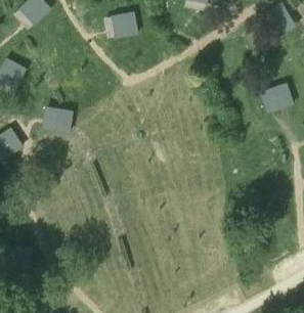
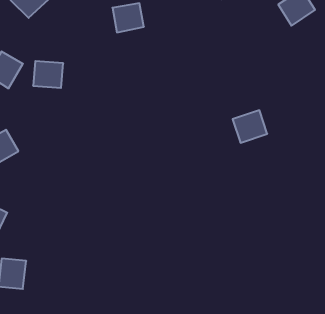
building: [264,85,296,115] -> [233,110,267,143]
building: [45,107,73,132] -> [33,61,63,88]

